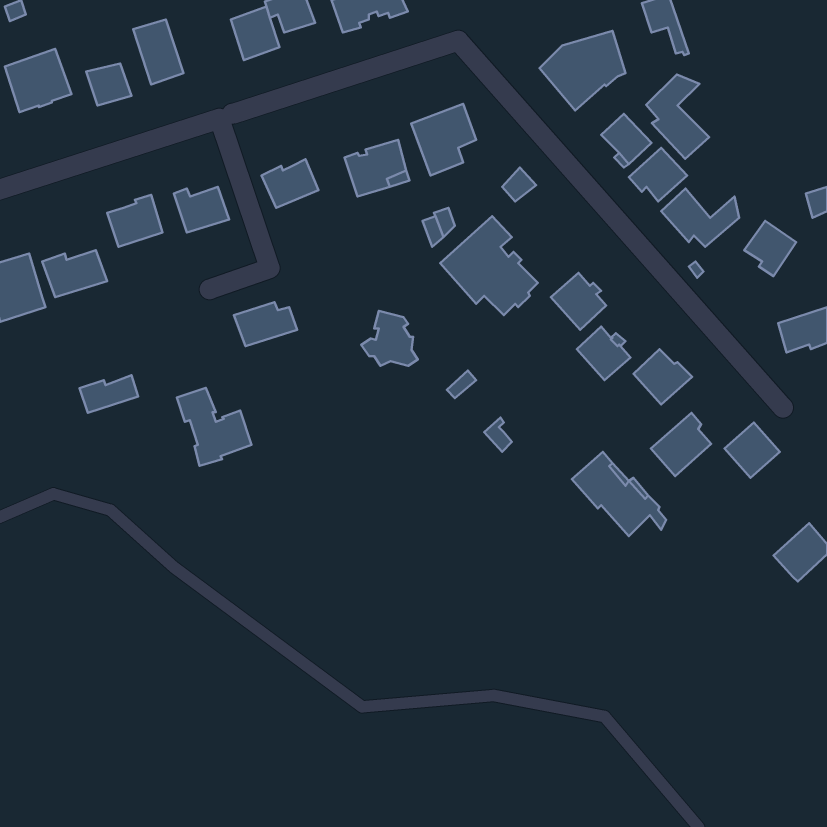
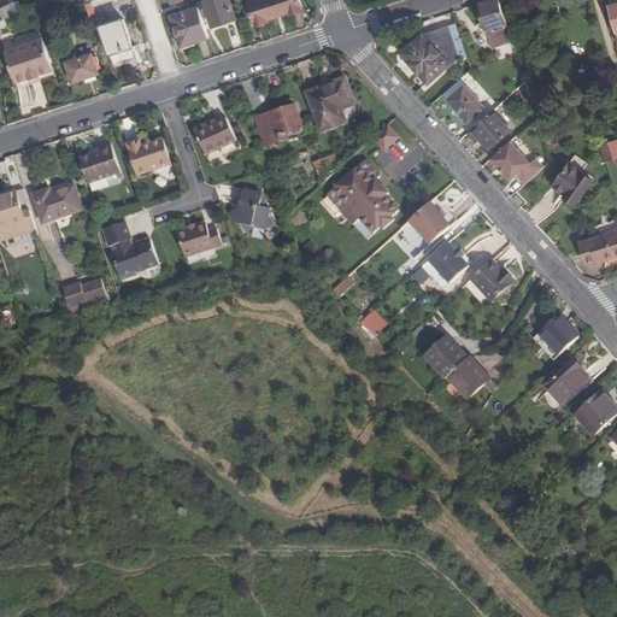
building: [646,74,709,159] -> none
building: [361,311,418,366] -> [229,189,271,230]
building: [177,388,251,466] -> [101,219,157,277]
building: [651,413,711,476] -> [543,358,588,405]

